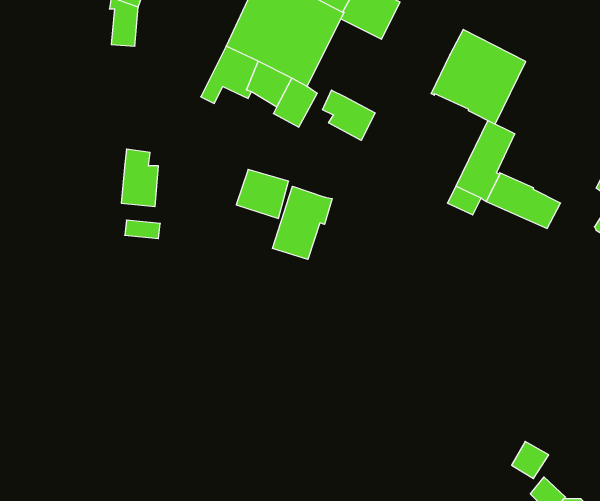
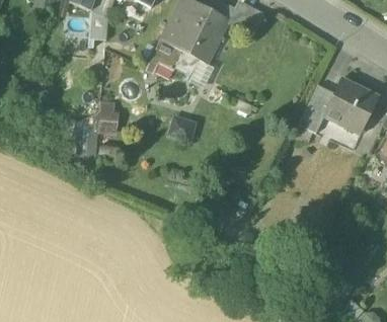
building: [431,29,526,124] -> [322,76,379,133]
building: [322,90,375,140] -> none
building: none -> [73,109,99,160]
building: [273,186,332,259] -> none

